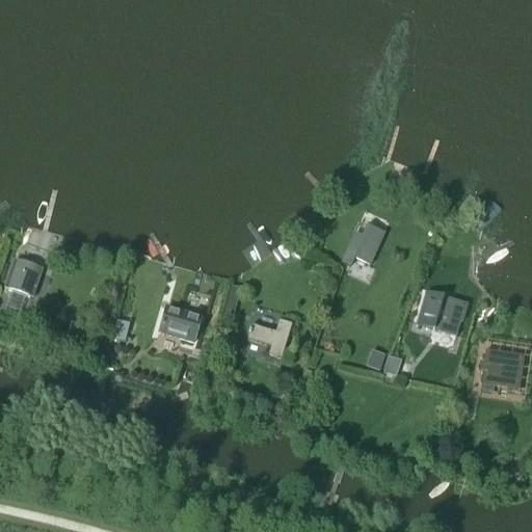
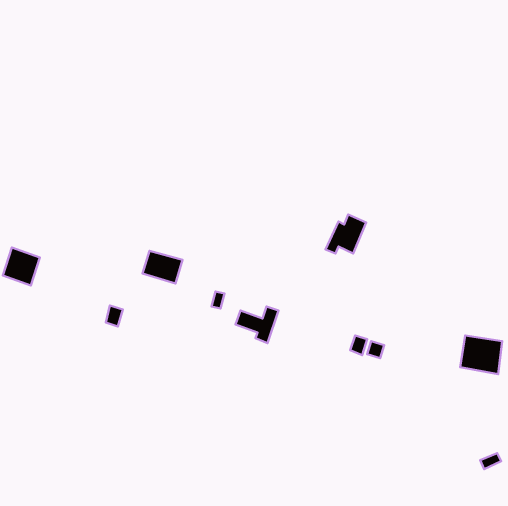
building: [418,293,466,334] -> none
building: [160,307,202,341] -> [143,251,182,284]

